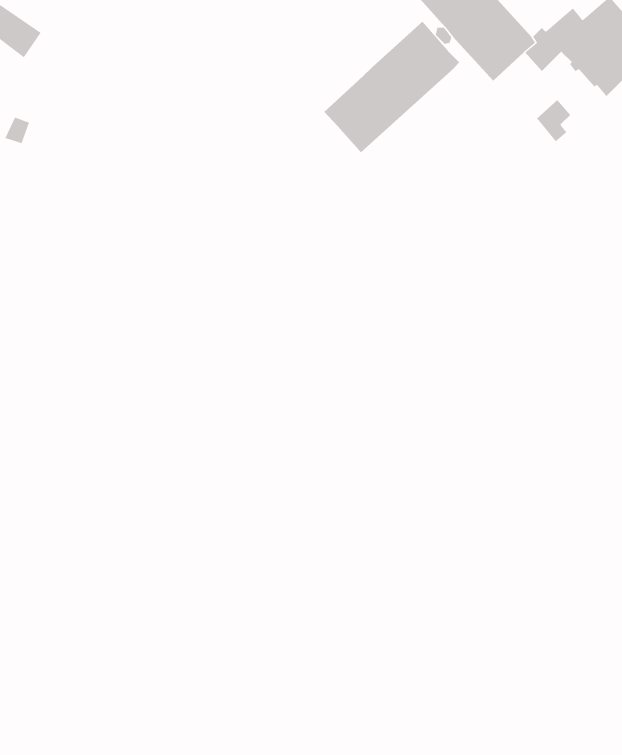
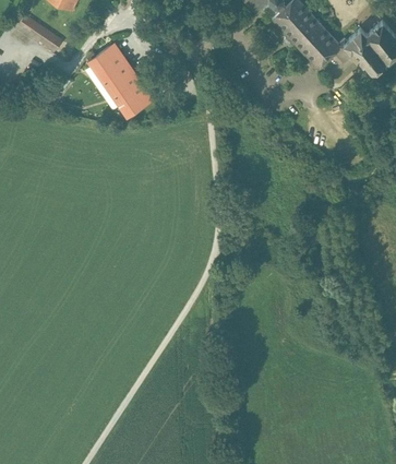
building: [324,21,460,153] -> none
building: none -> [88,44,152,116]

